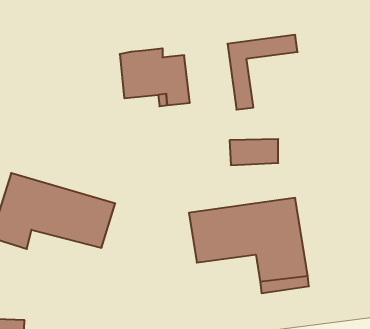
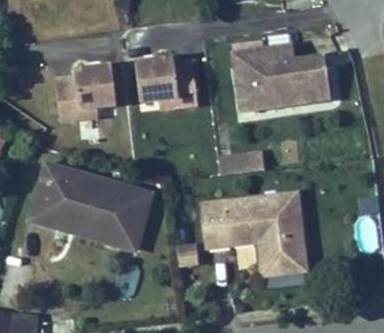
building: none -> [249,56,330,110]
building: none -> [56,64,117,121]
building: none -> [54,195,148,259]

